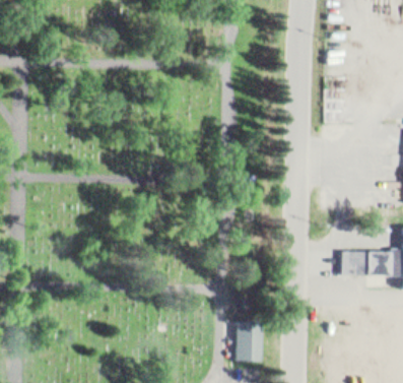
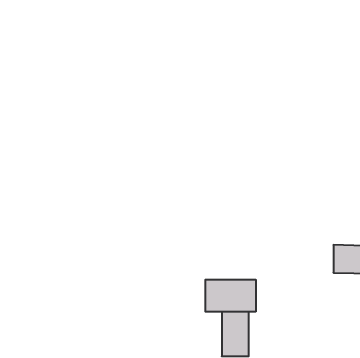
building: none -> [205,280,256,312]

